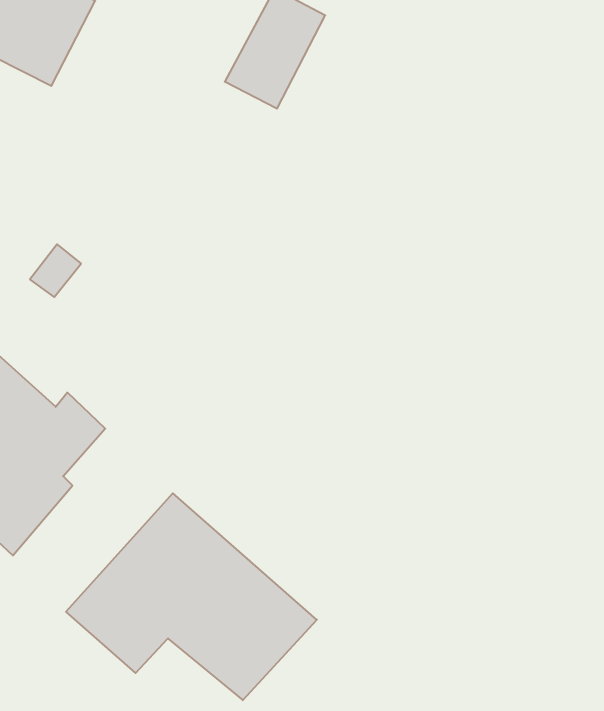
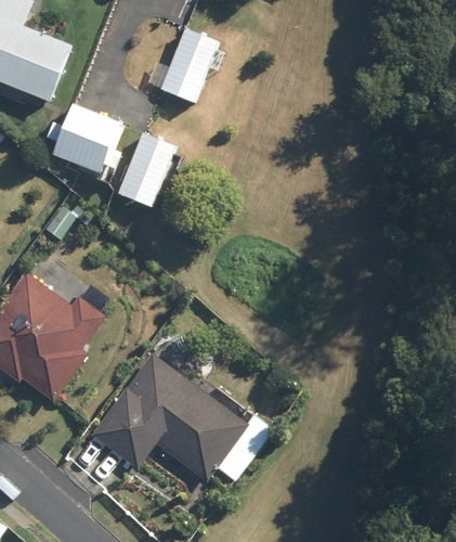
building: none -> [51,102,123,173]
building: none -> [116,131,177,207]

